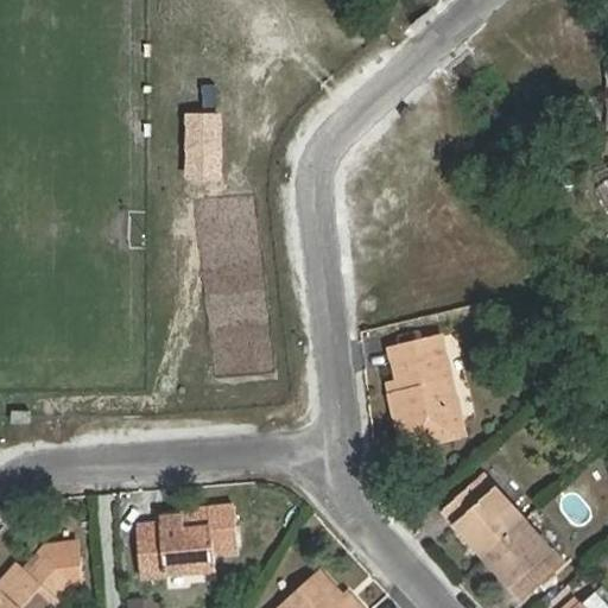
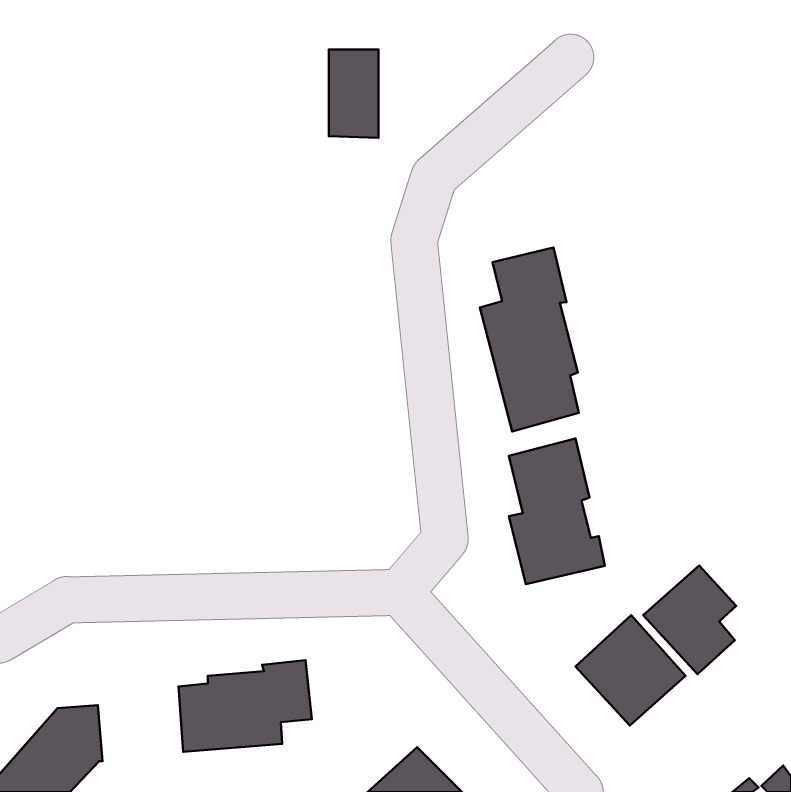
building: [182,114,220,182] -> [329,49,378,138]
building: none -> [480,248,579,431]
building: [482,518,553,601] -> [643,566,736,674]

